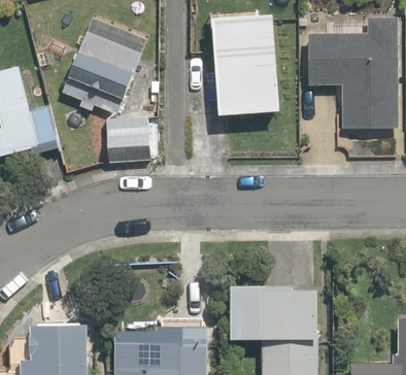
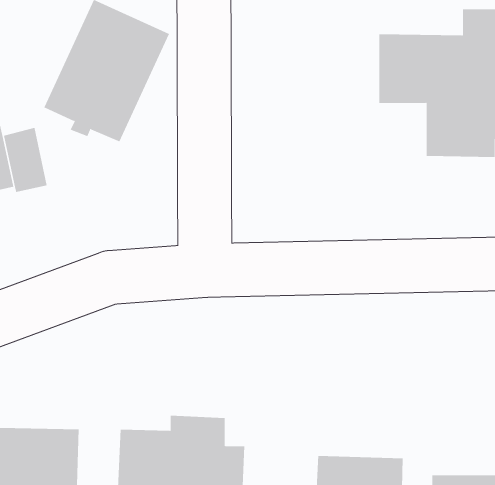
building: [212,15,278,112] -> none
building: [104,125,149,166] -> none
building: [230,284,318,340] -> none

